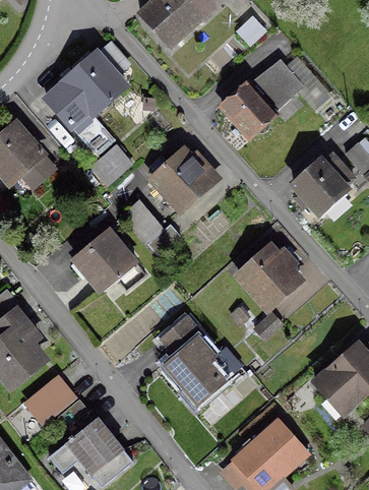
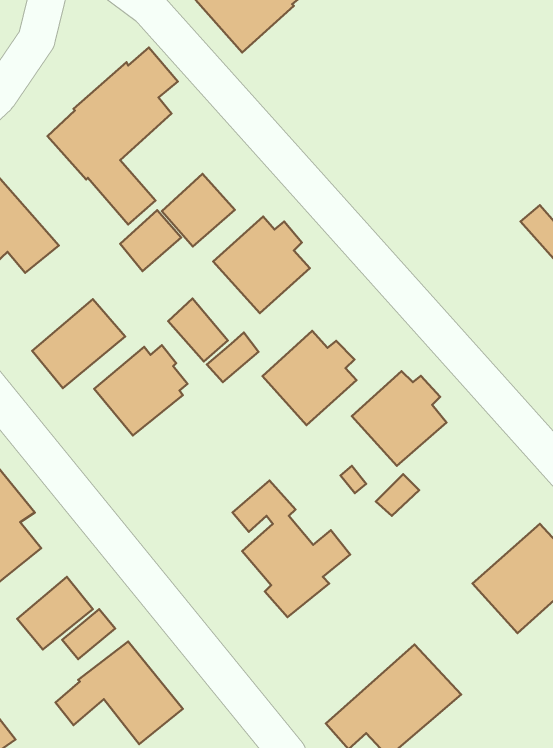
building: [222,61,301,133] -> none
building: none -> [162,174,235,247]
building: [293,154,353,212] -> none
building: none -> [32,299,125,388]
building: none -> [262,331,356,425]

